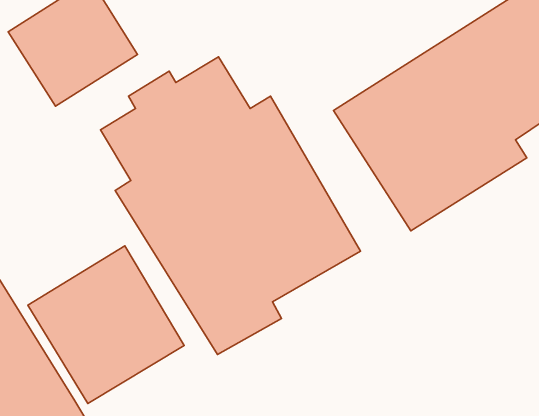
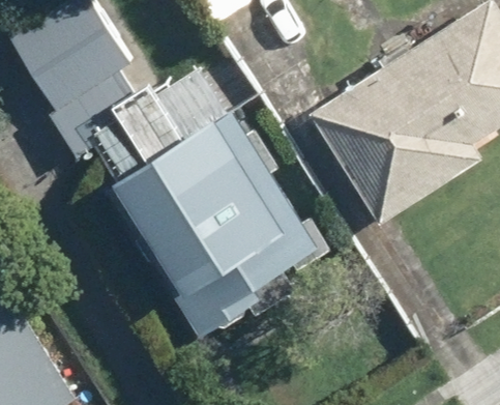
building: [28,246,184,404] -> none

